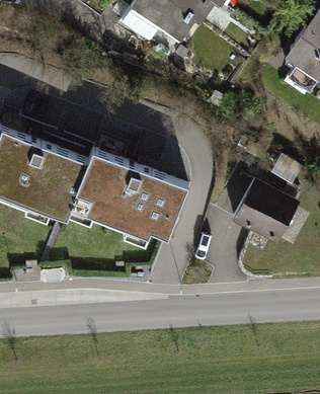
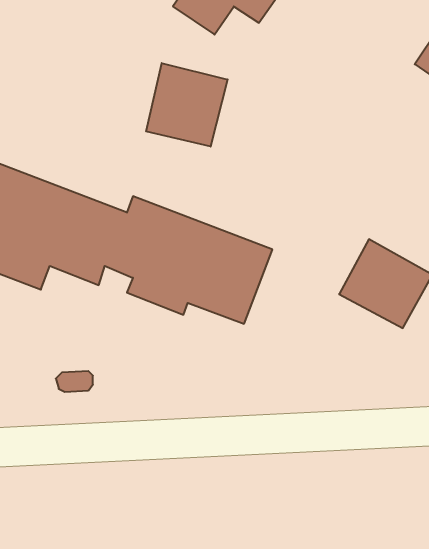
building: none -> [146,63,228,147]

